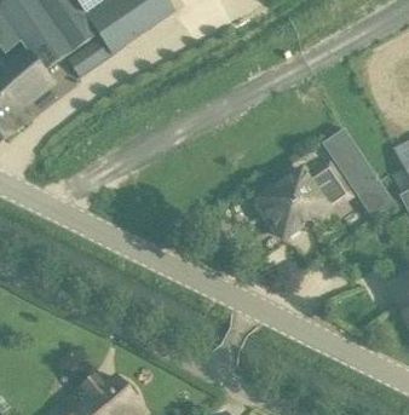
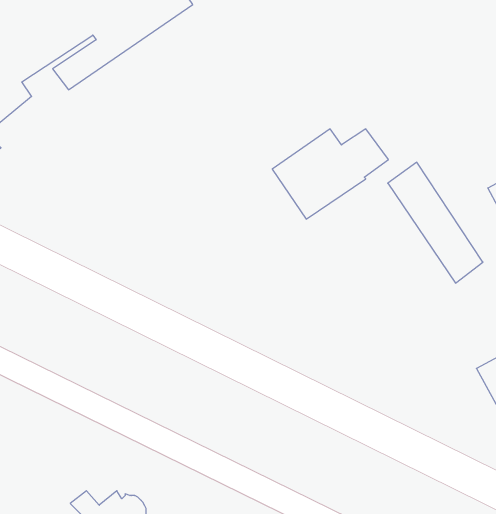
building: [258,168,345,236] -> [272,129,388,219]

